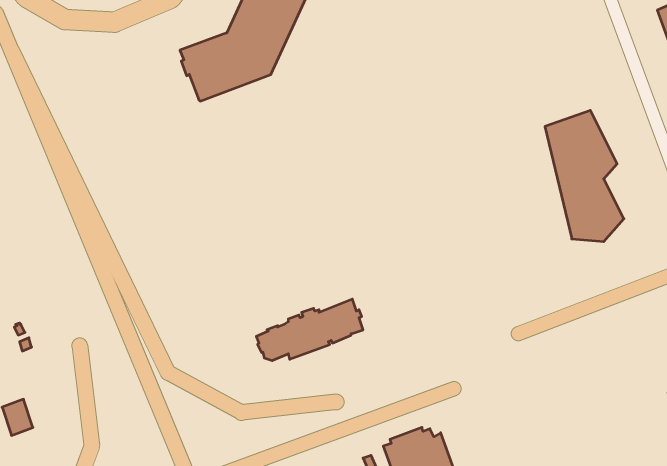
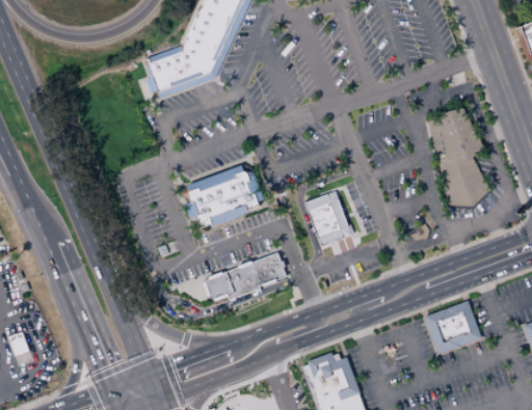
building: none -> [185,165,265,229]
building: none -> [293,188,355,253]
building: none -> [425,300,482,354]

